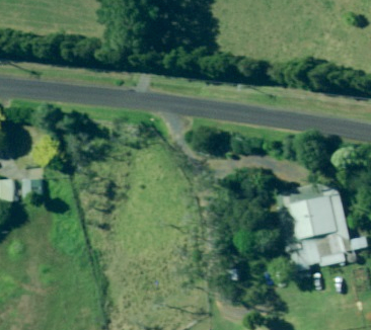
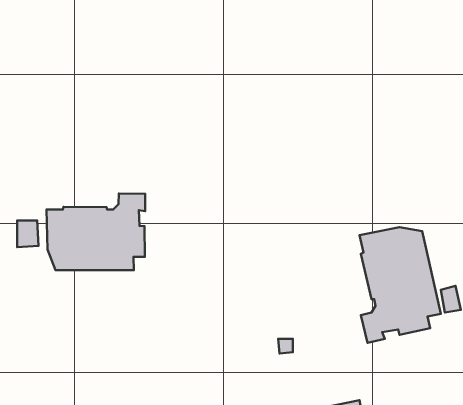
building: none -> [46,193,145,270]

